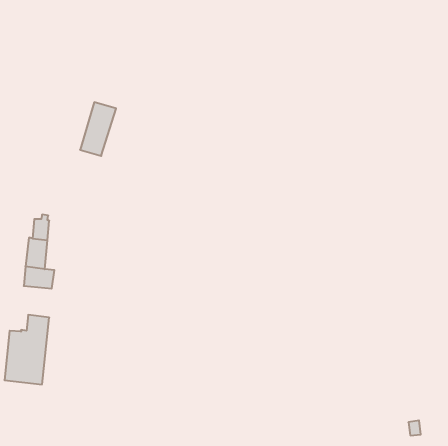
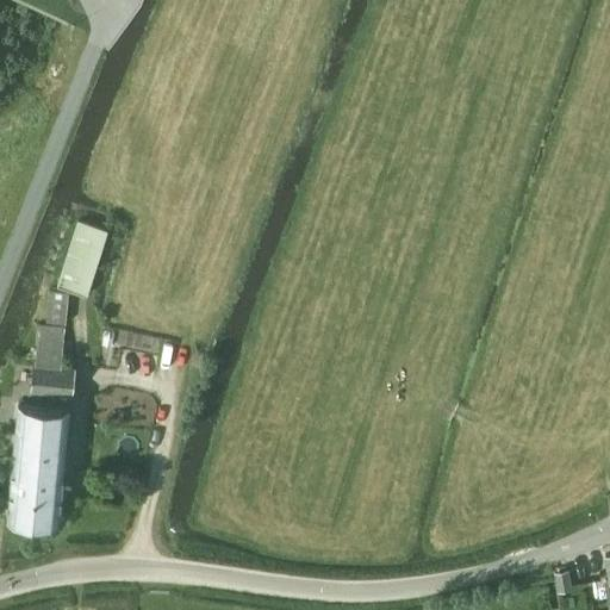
building: [80,102,116,156] -> [58,224,107,297]
building: none -> [14,407,70,454]

